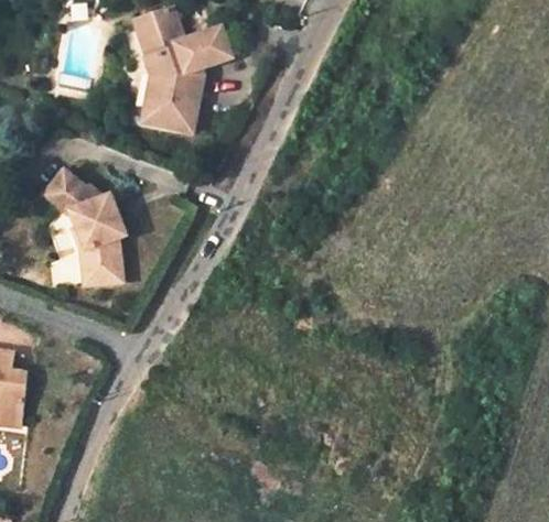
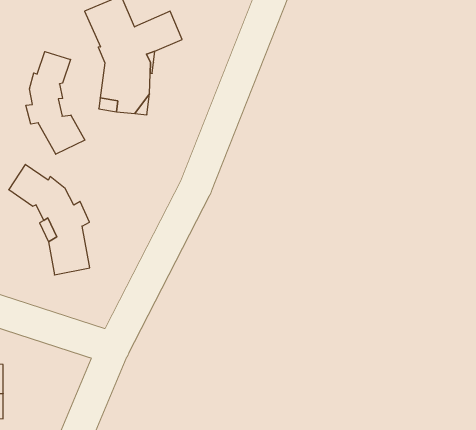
building: none -> [26,52,85,154]

